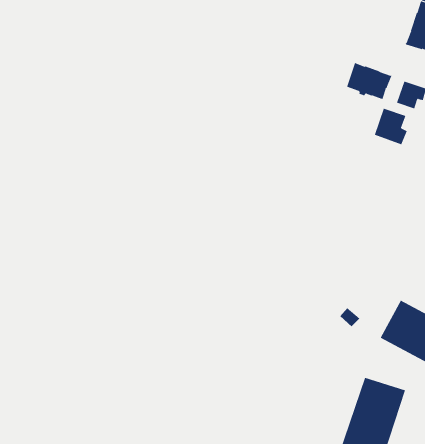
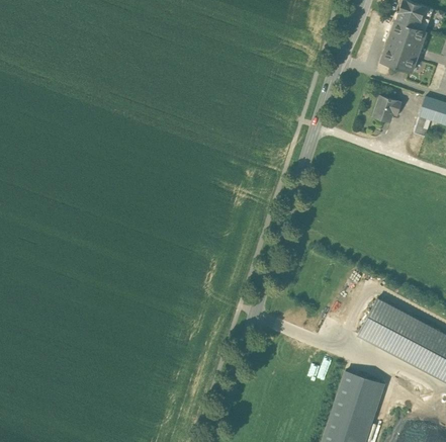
building: [346,62,392,101] -> none
building: [374,108,407,145] -> none

